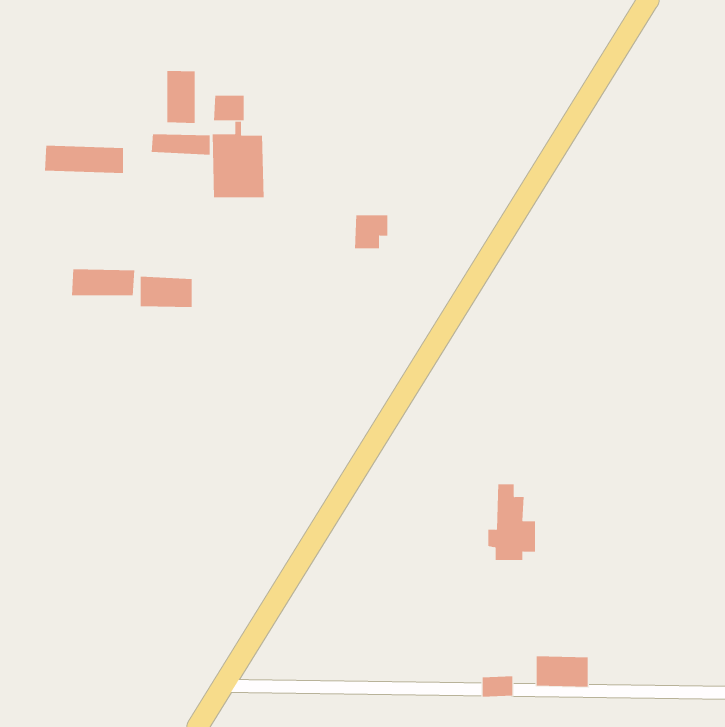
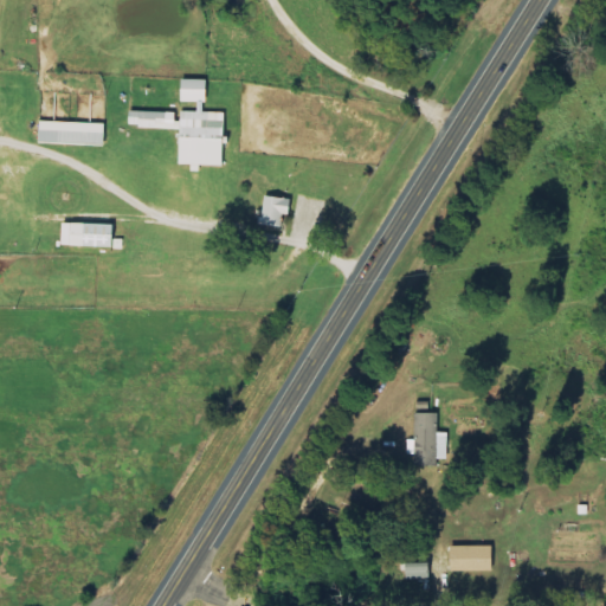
building: [167,70,195,124] -> none
building: [354,215,388,249] -> [259,198,288,226]
building: [140,276,192,308] -> none

